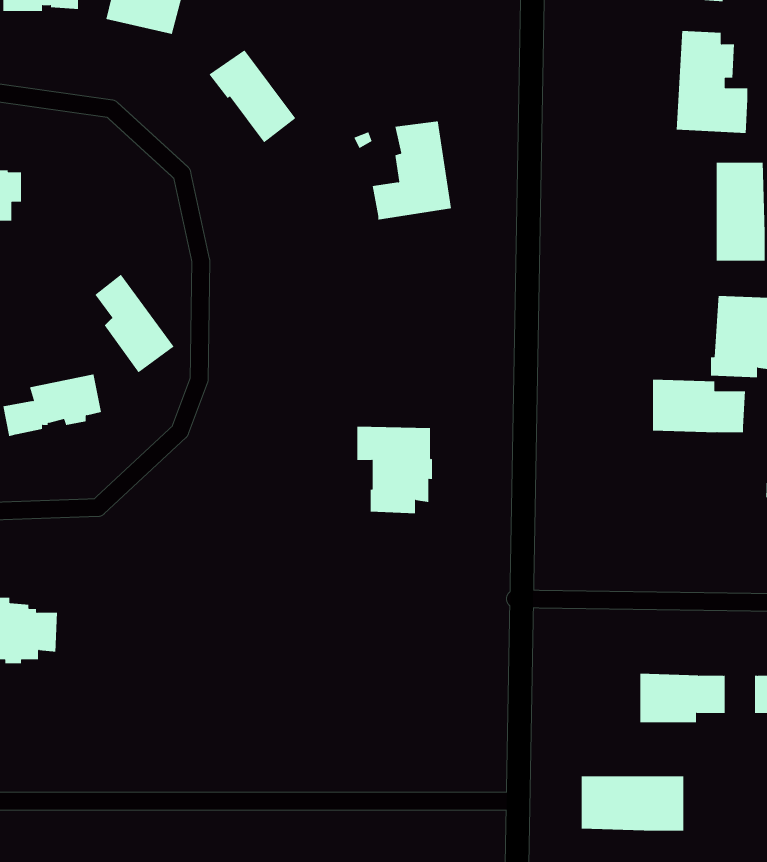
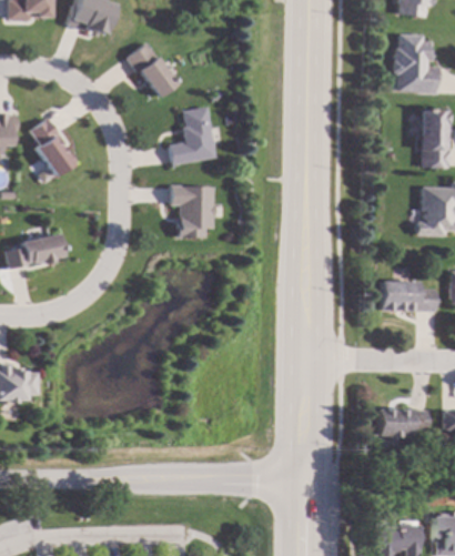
building: [372,121,452,220] -> [169,108,215,165]
building: [94,274,174,373] -> [31,119,78,176]
building: [652,379,746,433] -> [382,280,436,311]
building: [357,426,433,514] -> [170,186,214,237]
building: [581,775,684,831] -> none

